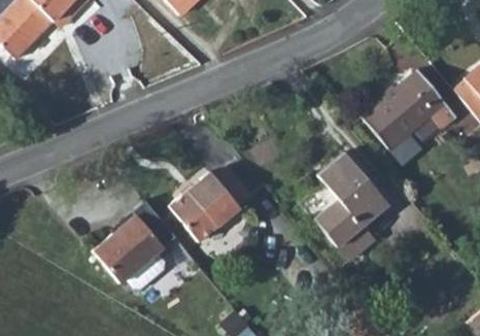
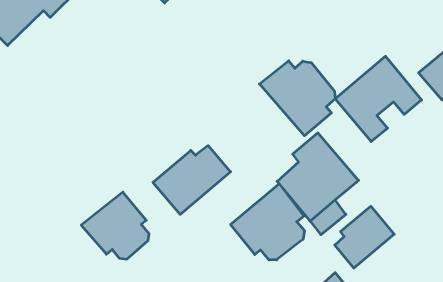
building: none -> [259,61,335,136]
building: none -> [231,184,304,260]
building: none -> [335,206,394,268]

